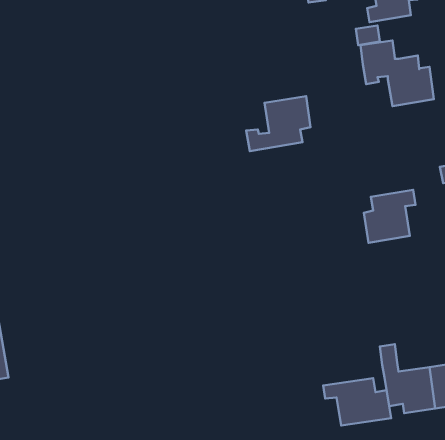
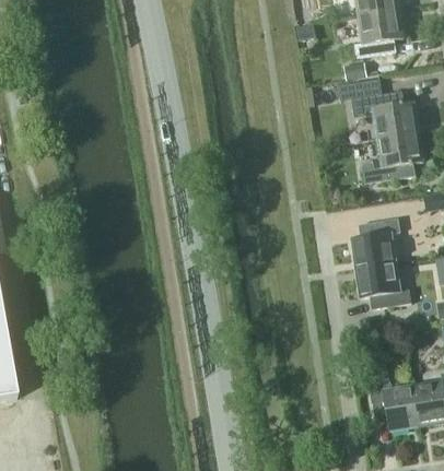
building: [246,96,311,151] -> [362,130,423,182]
building: none -> [357,260,411,307]
building: [323,378,391,426] -> none

